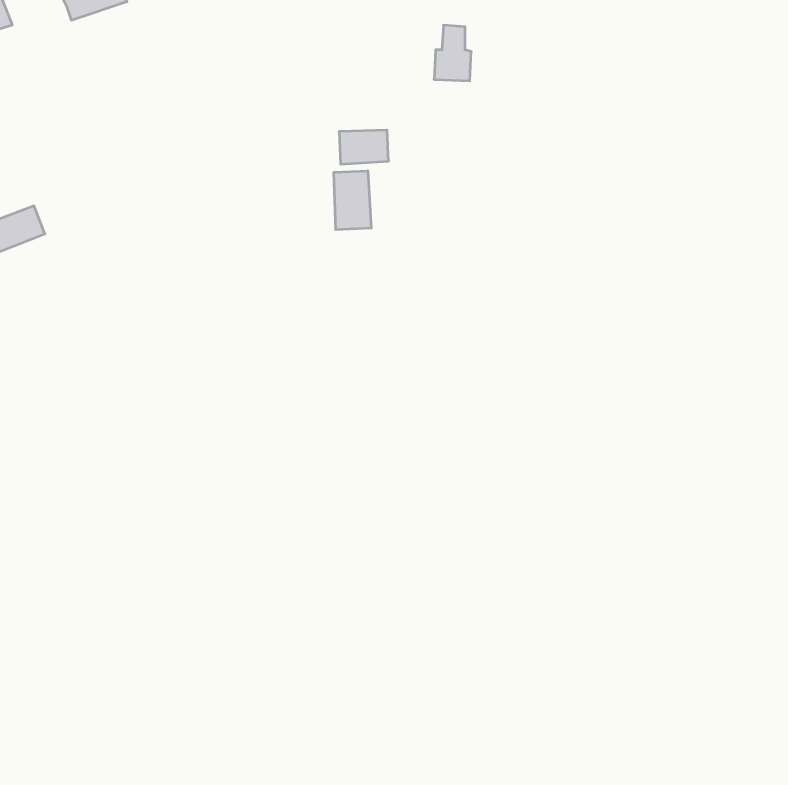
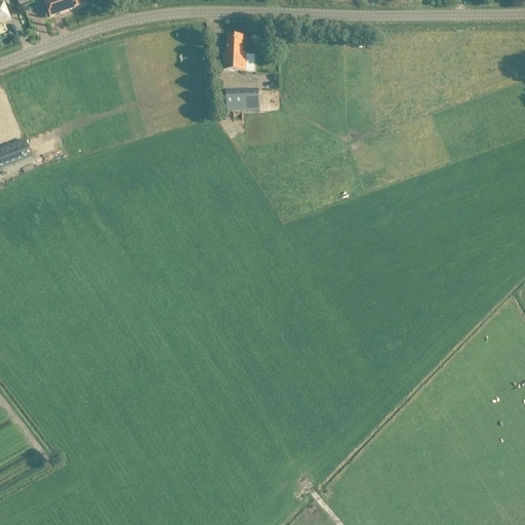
building: [434,25,471,81] -> [220,33,245,70]
building: [334,171,371,230] -> none

